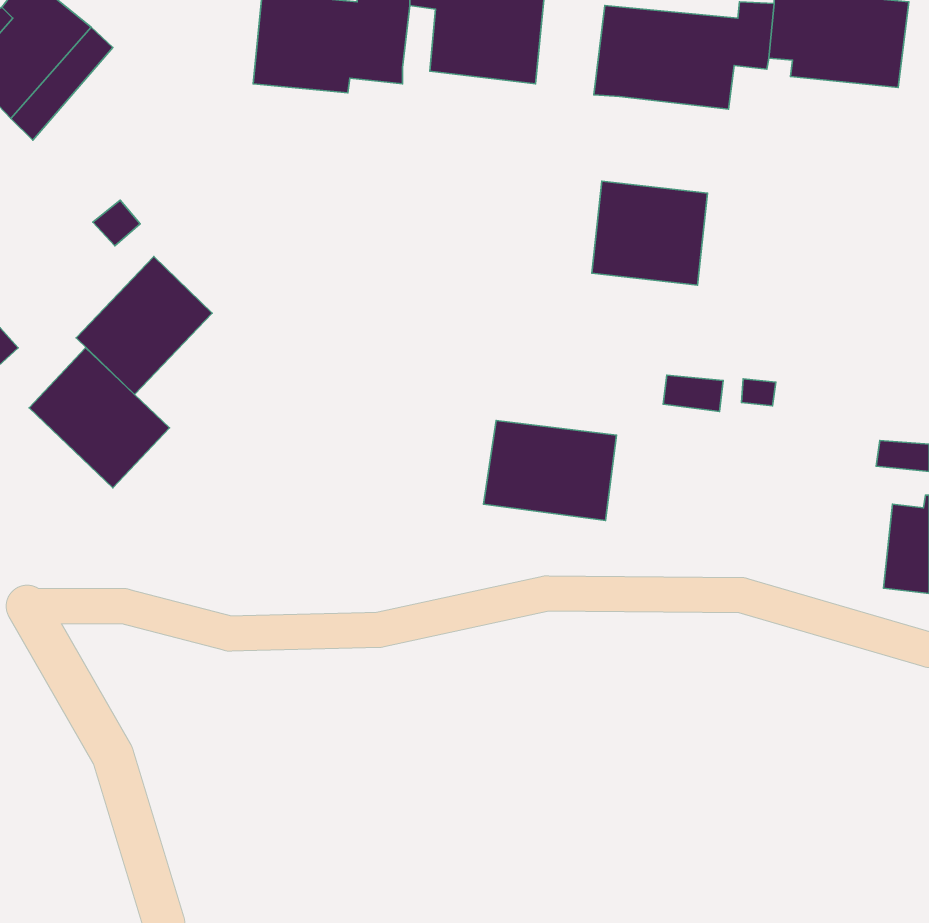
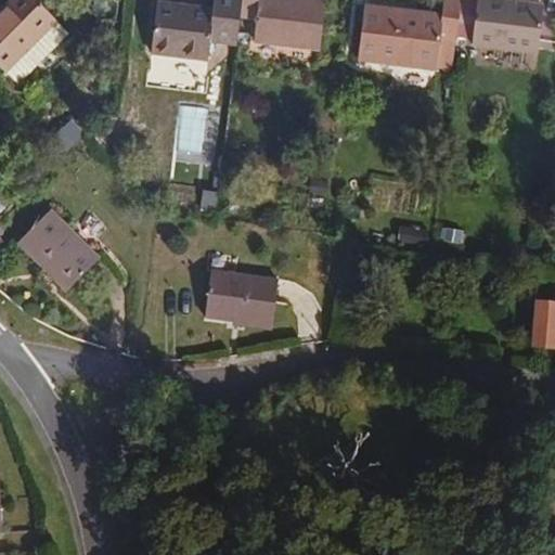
building: [592,181,707,285] -> none
building: [76,257,212,394] -> none
building: [484,421,617,521] -> [199,268,279,327]

